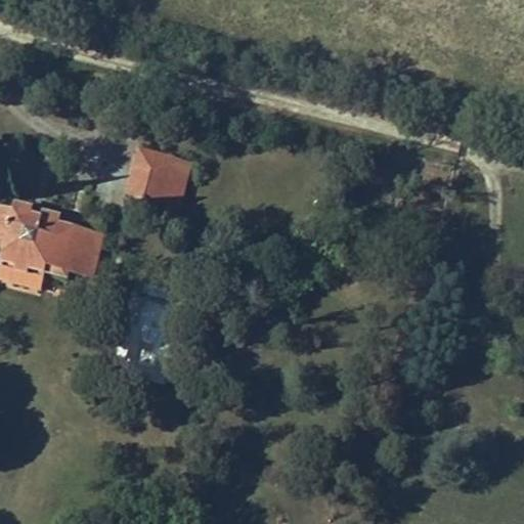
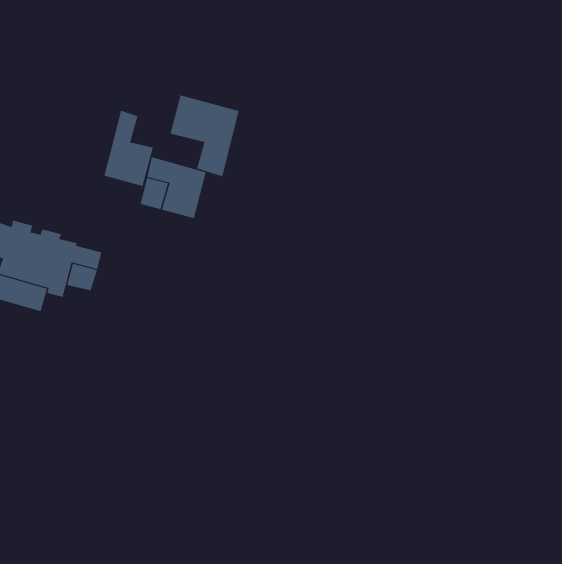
building: none -> [170,94,239,177]
building: none -> [104,110,154,187]

